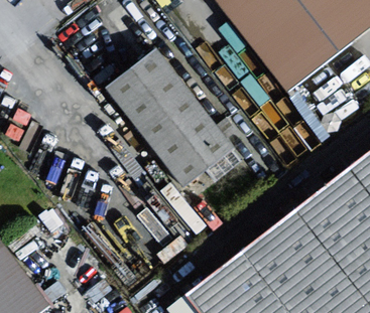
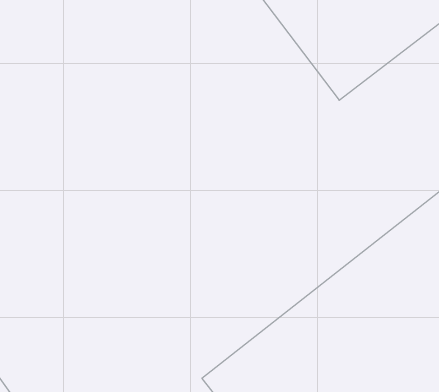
building: [108,50,232,184] -> none

